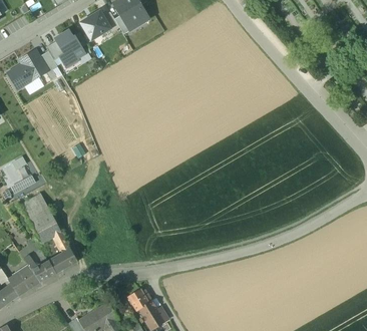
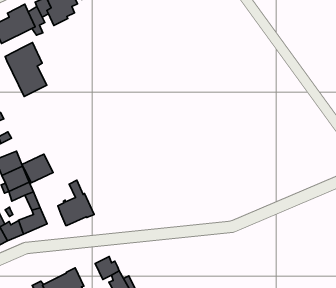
building: none -> [5,42,47,96]
building: none -> [22,154,53,183]
building: none -> [58,180,94,225]

